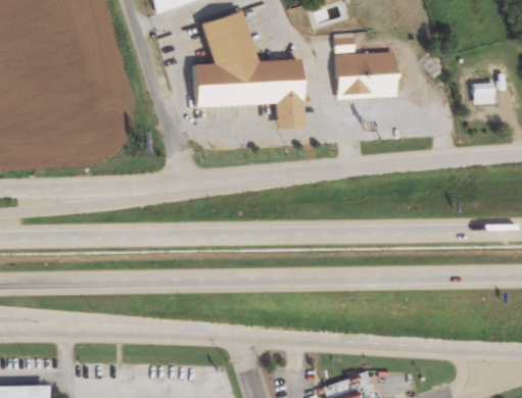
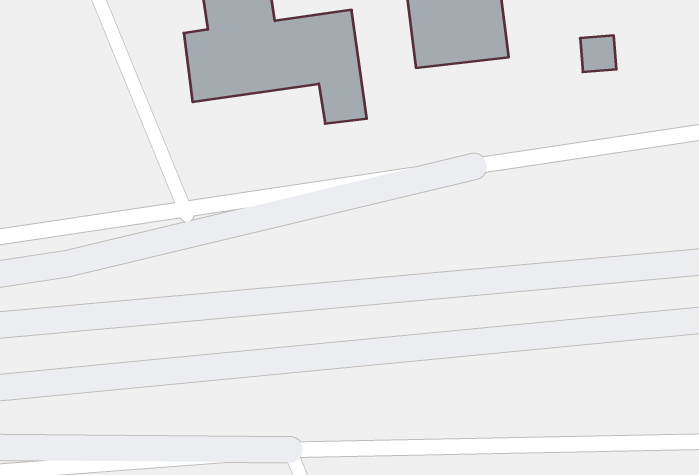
building: [473,83,494,104] -> [580,36,616,72]

